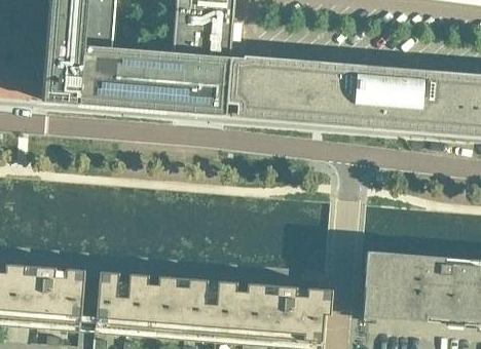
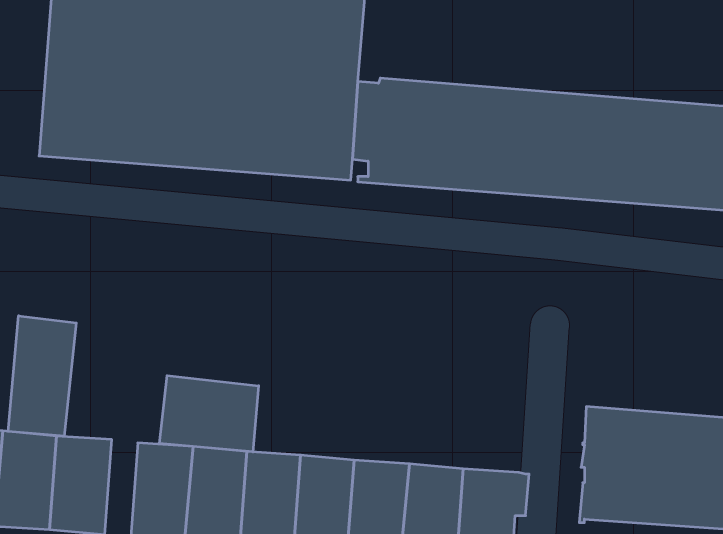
building: none -> [8,316,76,436]
building: none -> [159,376,259,452]

